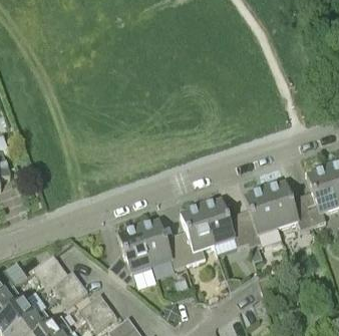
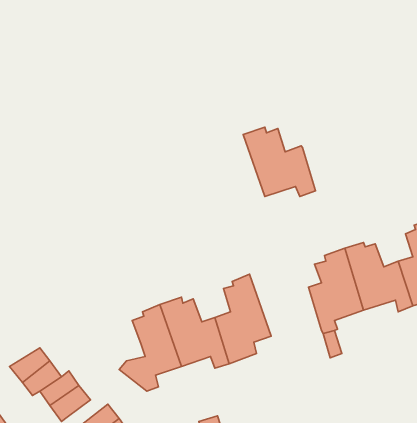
building: [199,199,249,247] -> [243,127,316,197]

